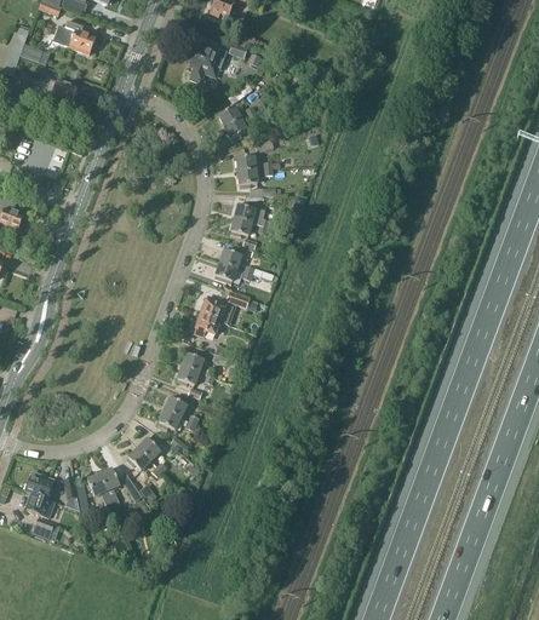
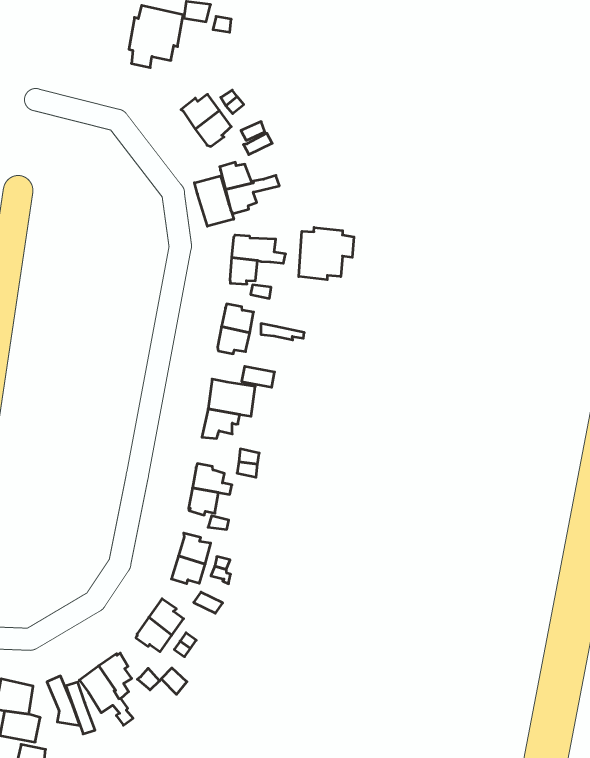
building: none -> [194,176,234,226]
building: none -> [299,227,354,280]

